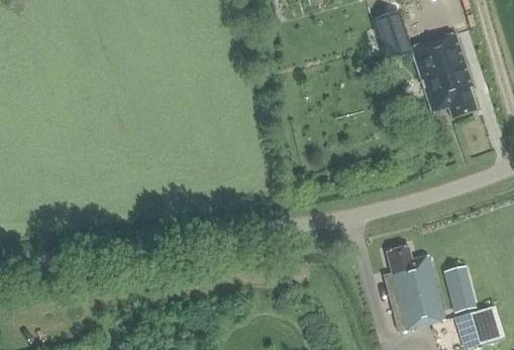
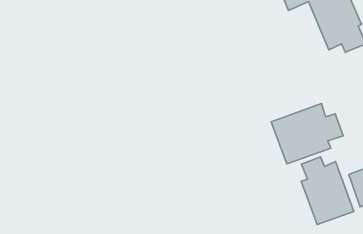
building: none -> [271,104,343,164]

